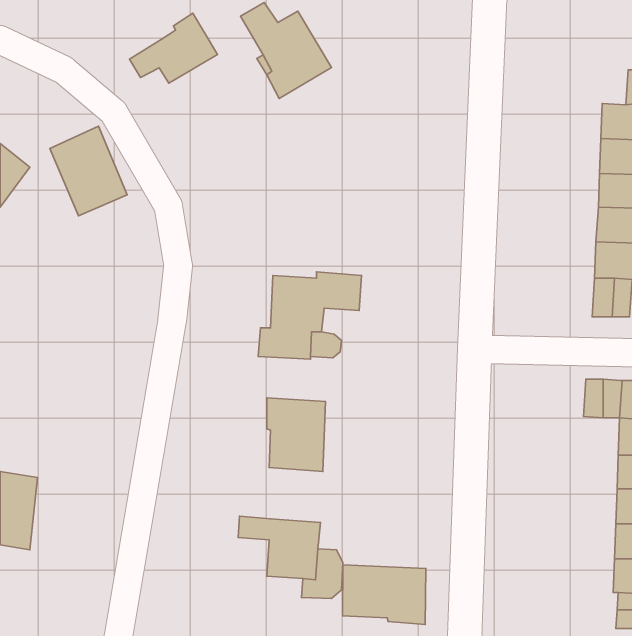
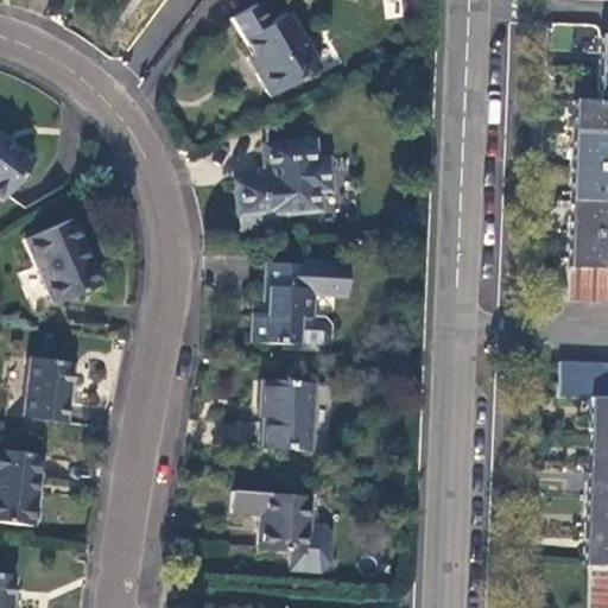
building: [129,13,218,83] -> none
building: [50,126,127,216] -> [27,217,101,303]
building: none -> [238,139,331,229]
building: none -> [24,357,72,422]
building: [343,565,426,624] -> none

